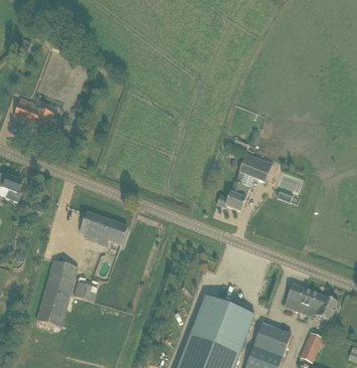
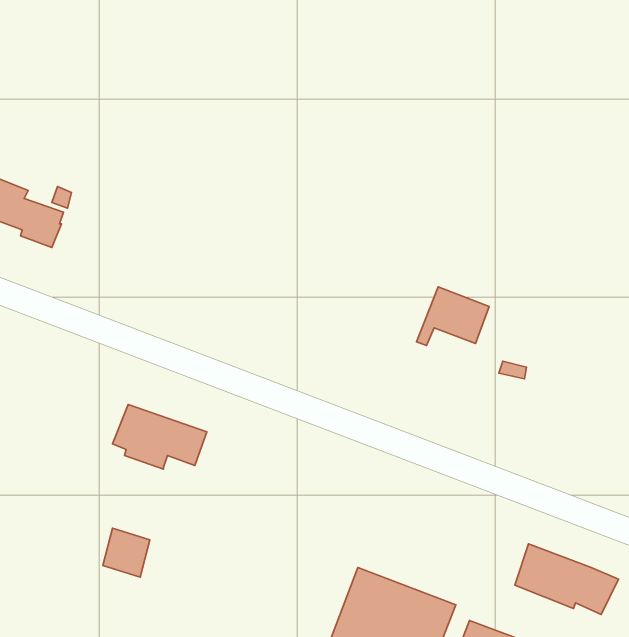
building: [216,179,249,209] -> none
building: [36,257,77,325] -> none

